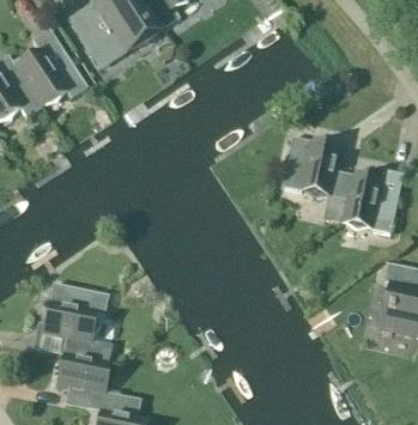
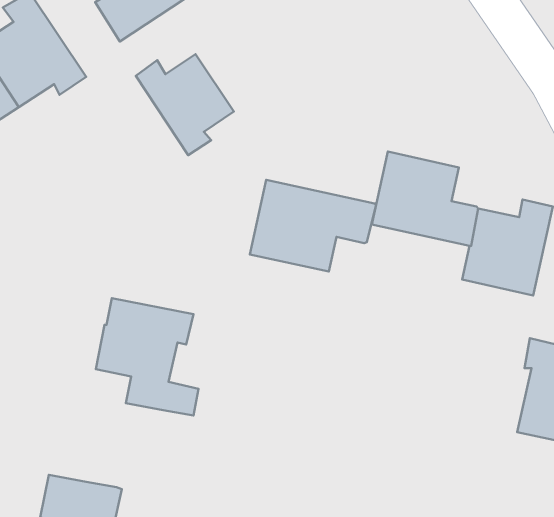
building: none -> [136,54,234,155]
building: none -> [250,180,376,271]
building: [42,284,111,363] -> [96,298,199,415]

